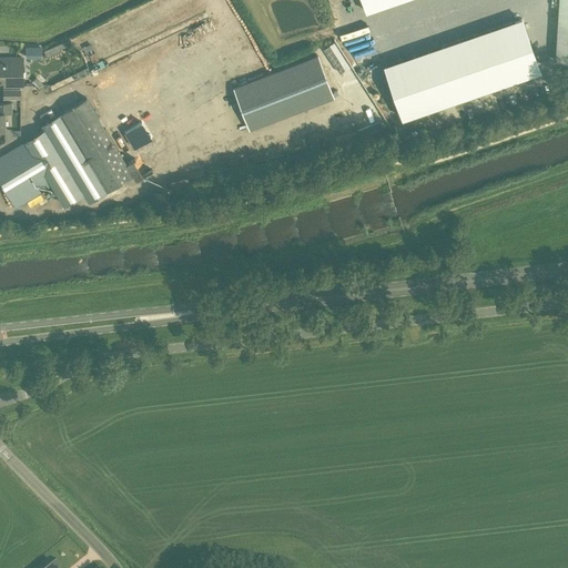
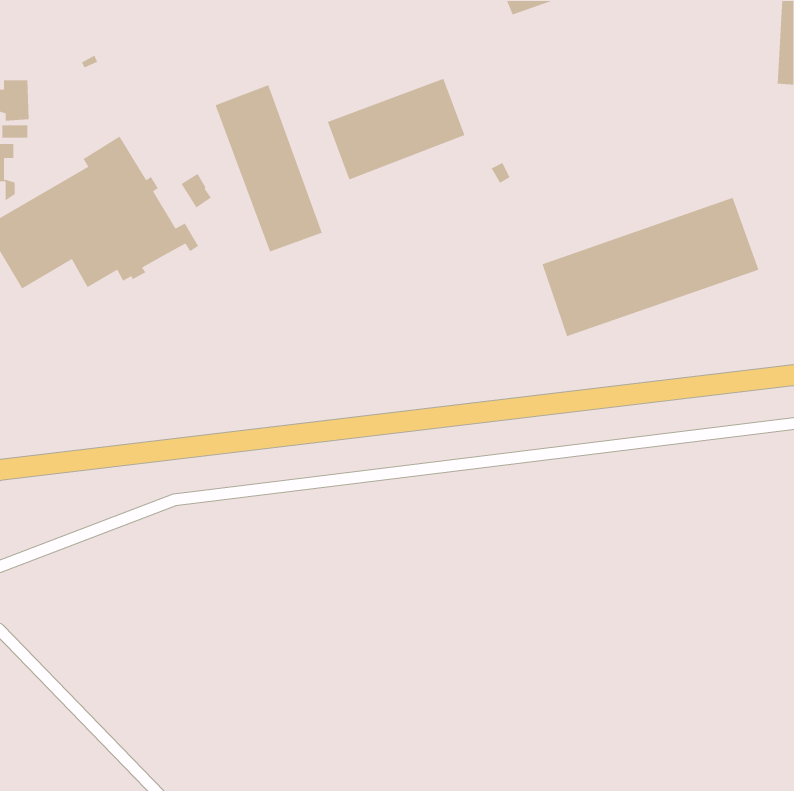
building: [384,21,539,121] -> [542,197,760,337]
building: none -> [214,84,323,253]

